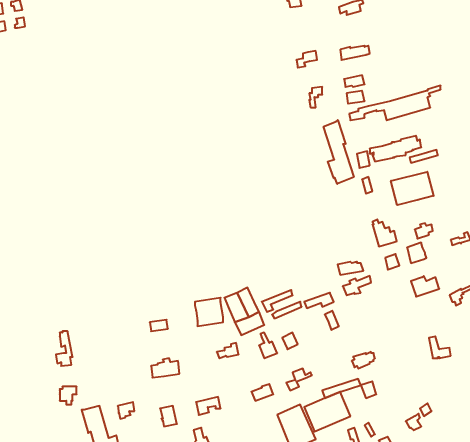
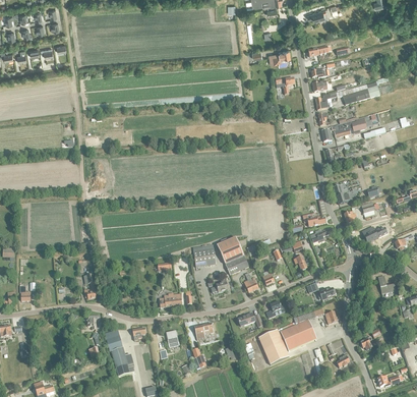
building: [324,120,354,184] -> none
building: [391,172,434,205] -> none

